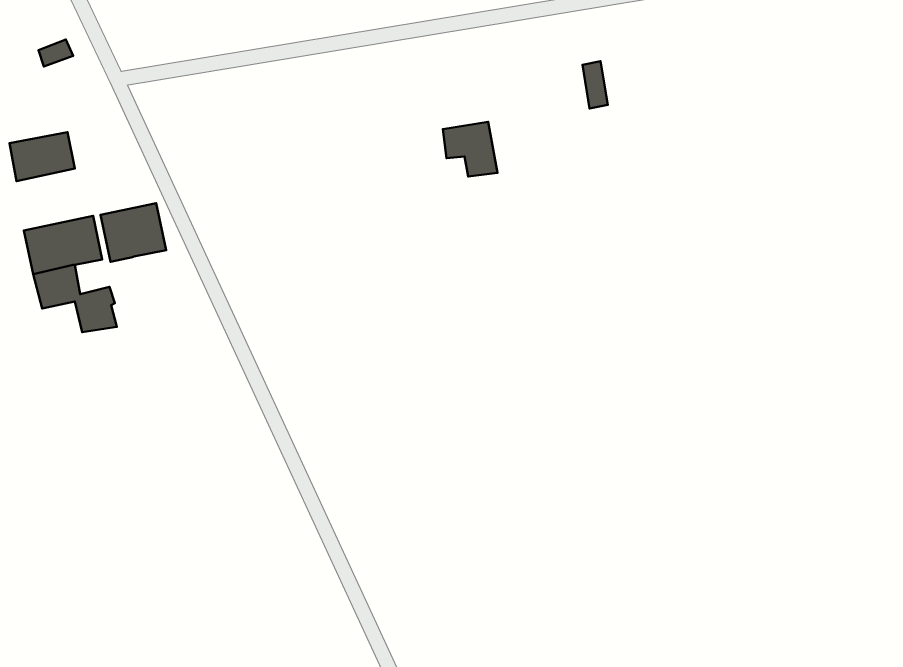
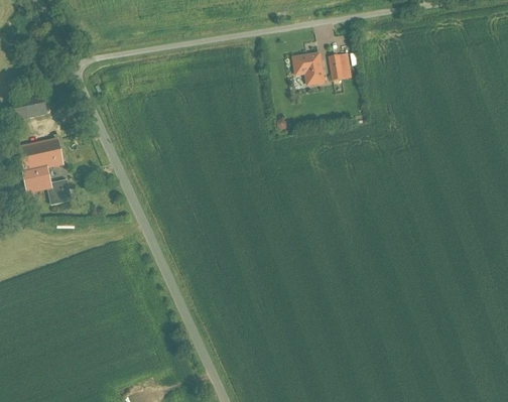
building: [443,122,497,176] -> [294,53,325,84]
building: [101,203,166,262] -> none

